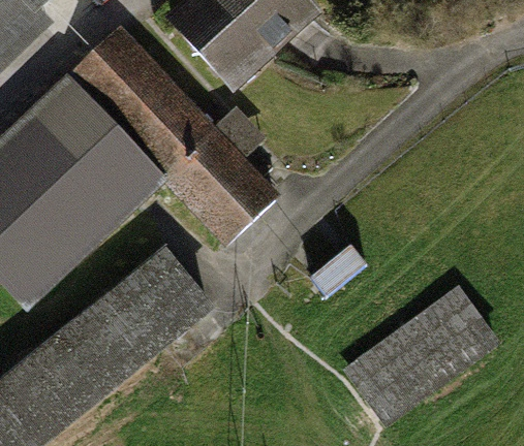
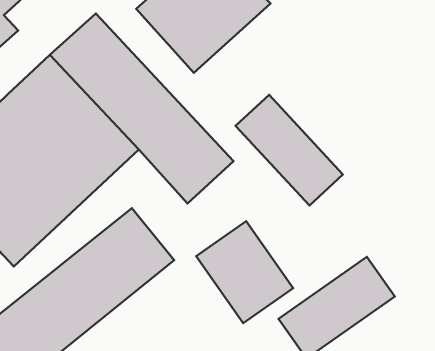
building: none -> [236,95,343,205]
building: none -> [196,221,293,323]

